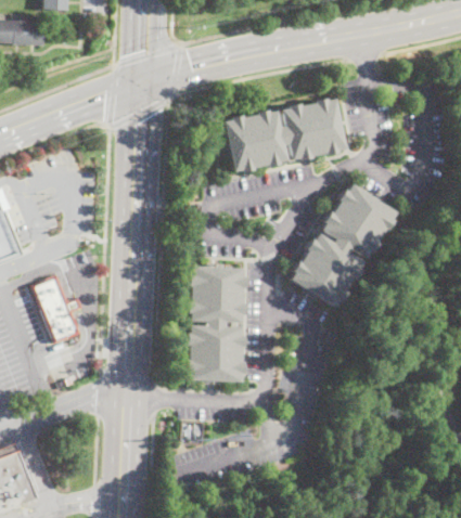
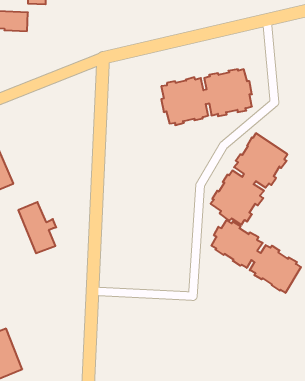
building: [185,266,245,384] -> none
building: none -> [211,220,301,293]

